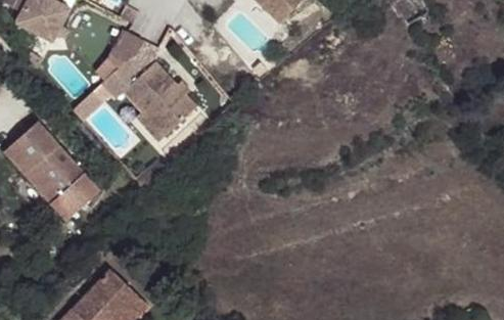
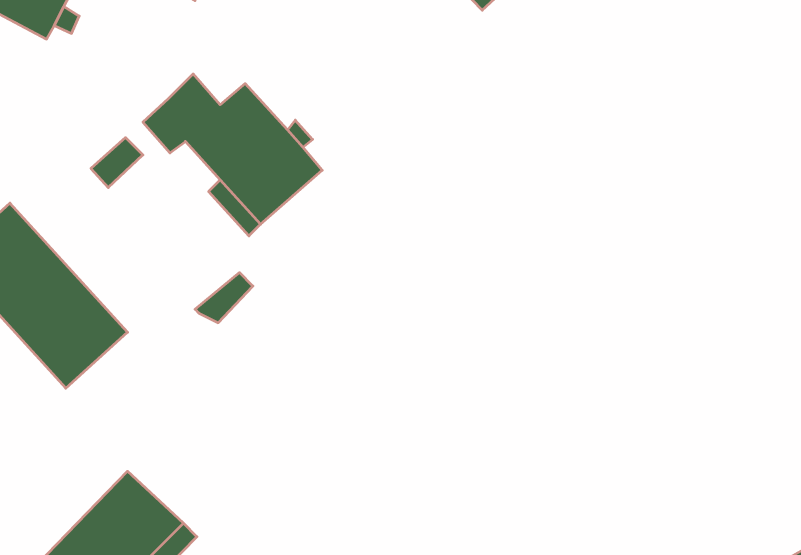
building: [113,31,153,73] -> none

